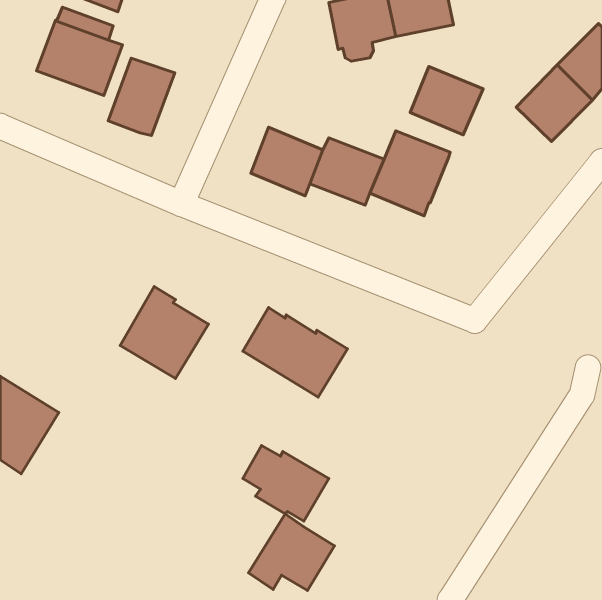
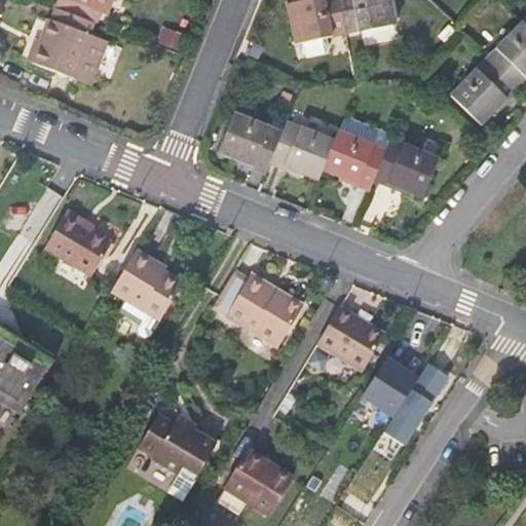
building: [108,58,175,136] -> none
building: [410,66,483,135] -> [375,137,439,196]
building: none -> [45,210,111,274]
building: none -> [316,304,384,370]
building: none -> [362,354,451,445]
building: [243,446,329,521] -> [141,413,216,479]

